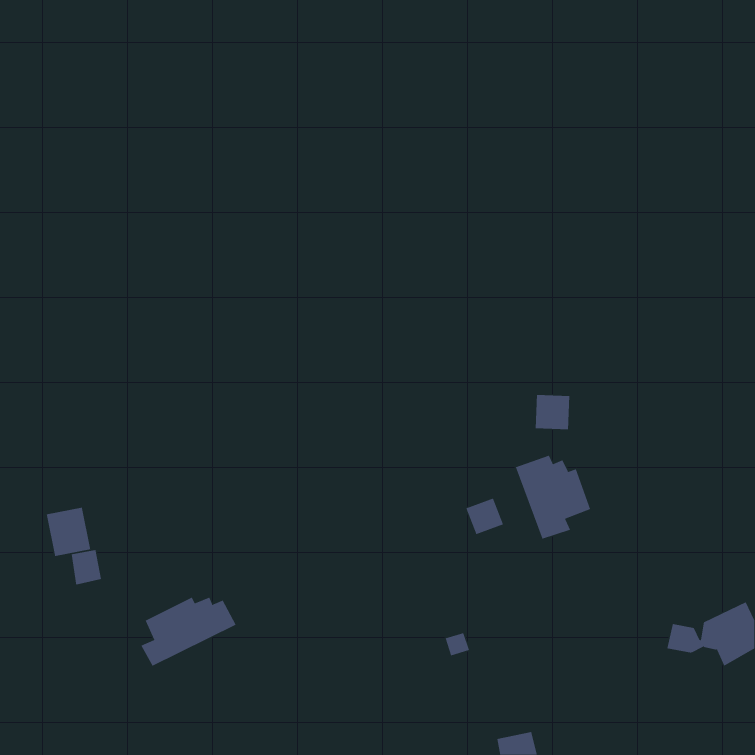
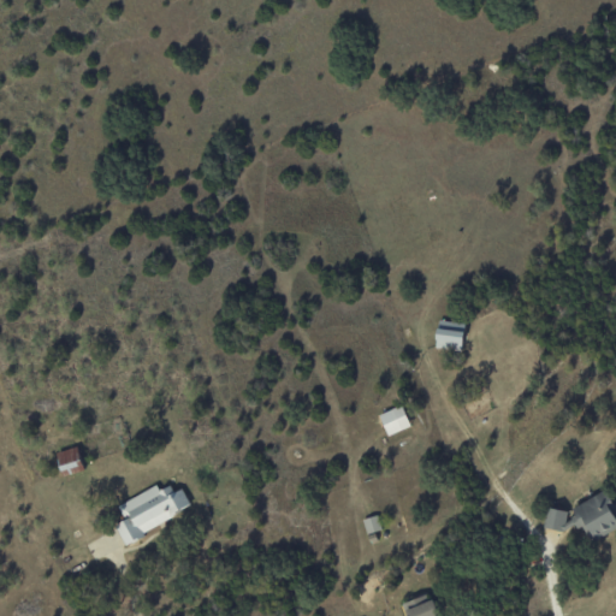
building: [515,455,591,539] -> none
building: [46,507,91,557] -> none

